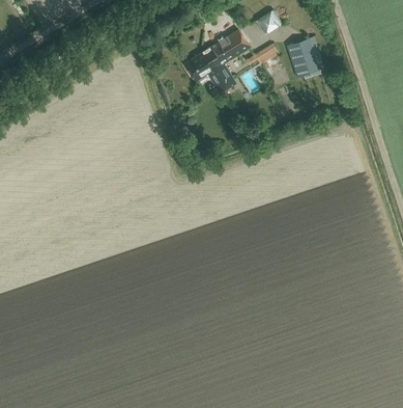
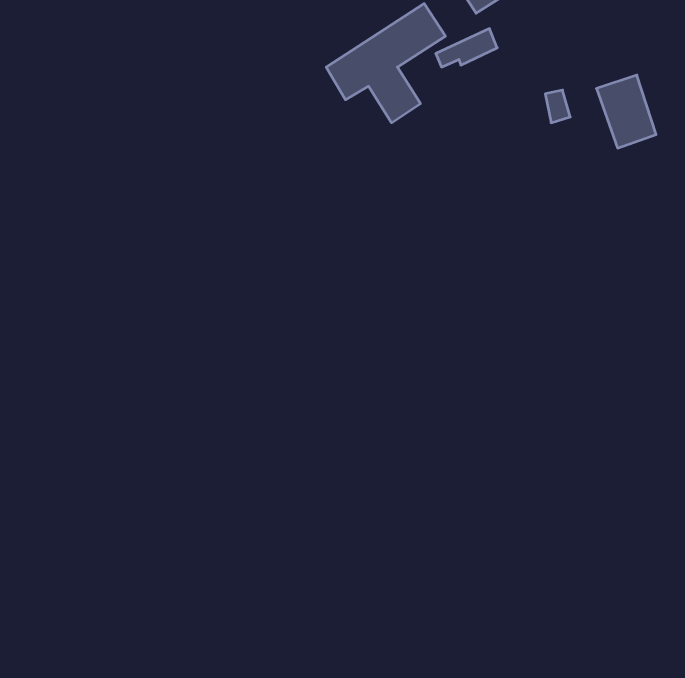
building: [288,37,320,77] -> [596,75,656,148]

